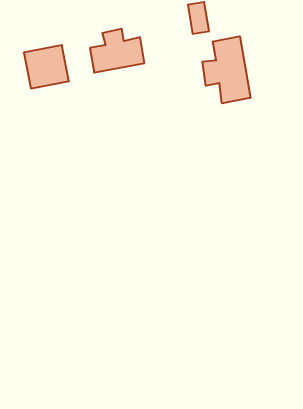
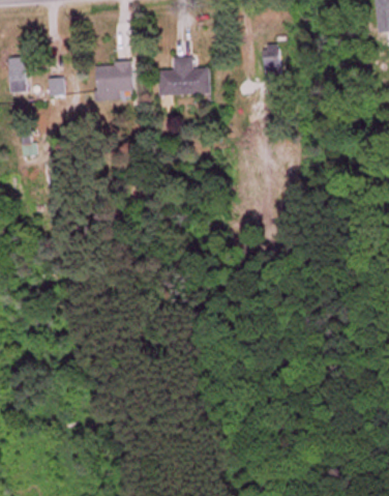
building: [202,36,250,103] -> none

